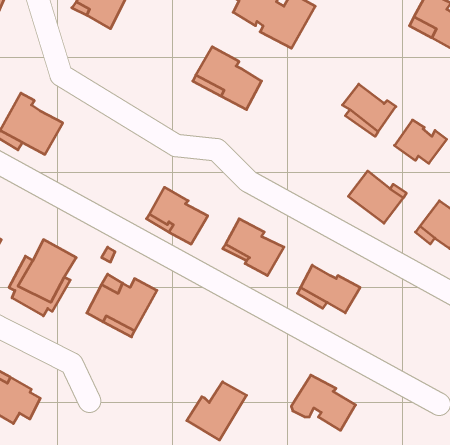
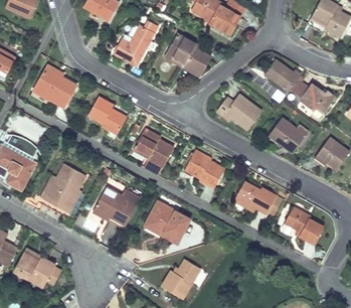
building: none -> [114,19,158,65]
building: none -> [216,94,261,129]
building: none -> [87,96,127,133]
building: none -> [146,201,190,242]
building: [291,375,356,430] -> [281,206,324,244]

